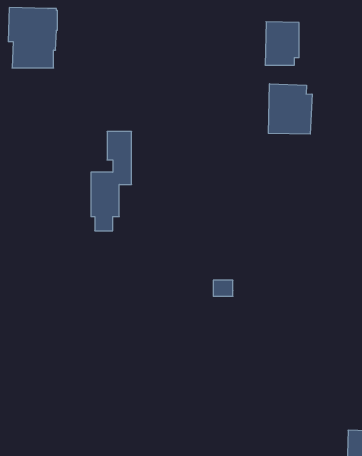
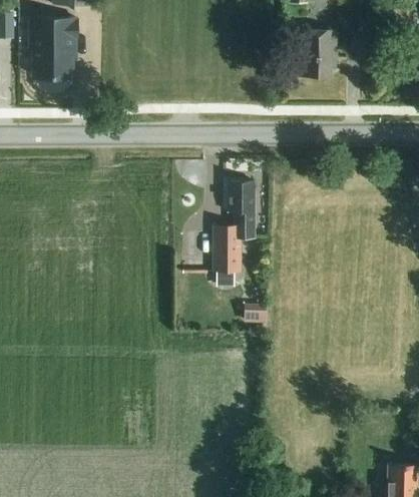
building: [268,84,312,134] -> none
building: [91,132,132,231] -> [212,181,255,287]

